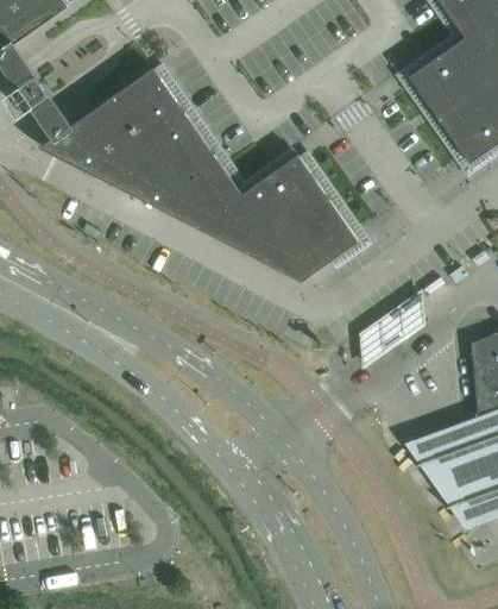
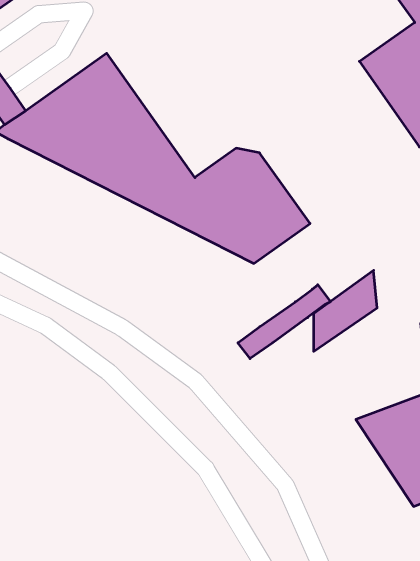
building: none -> [238,285,330,359]

